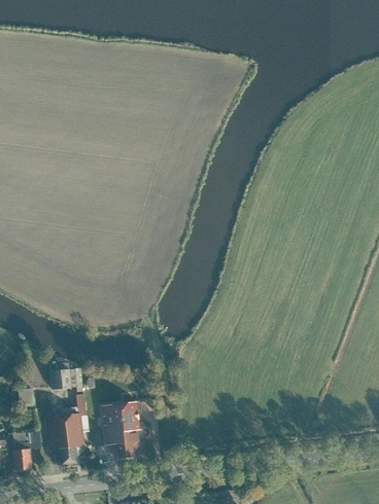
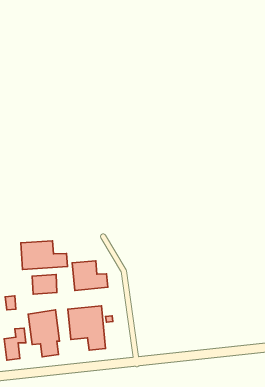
building: none -> [21,241,67,270]
building: none -> [72,261,108,290]

